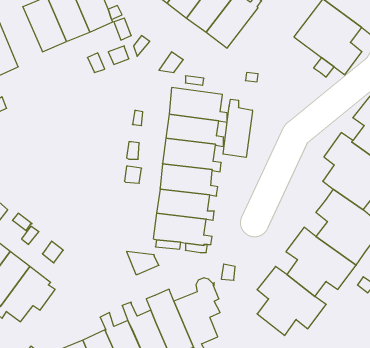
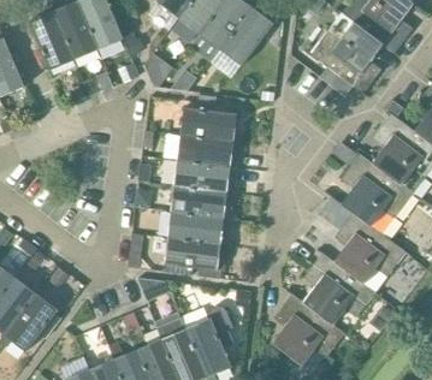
building: [223,99,253,157] -> none

